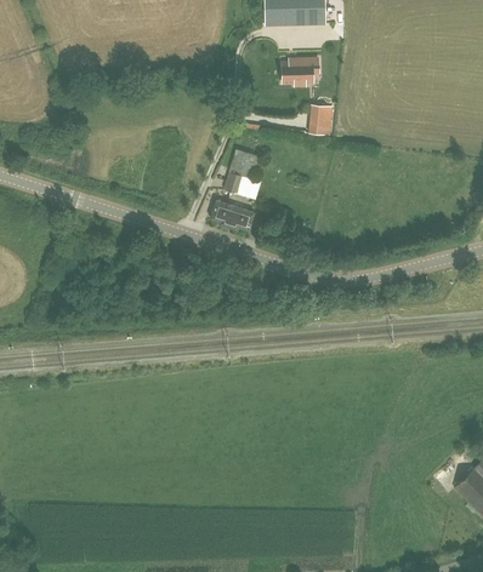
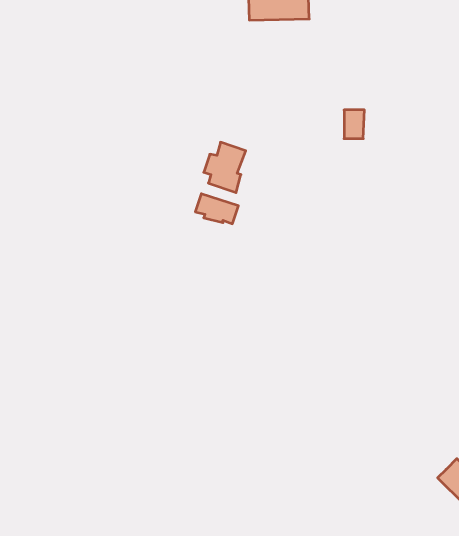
building: [282,58,318,85] -> none
building: [312,104,333,133] -> [344,110,364,139]

